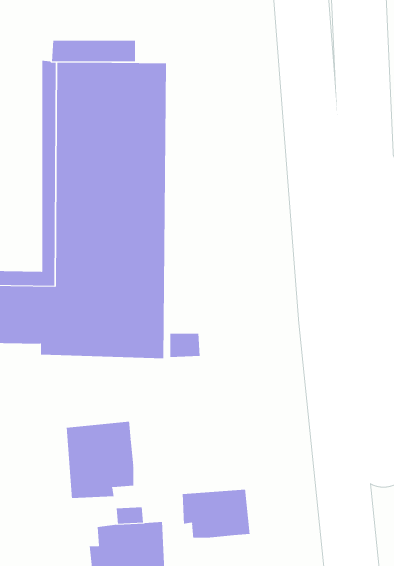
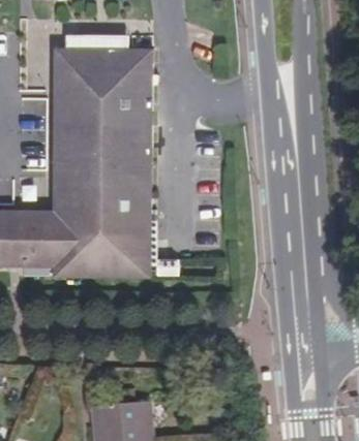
building: [66,421,134,499] -> none
building: [182,489,250,538] -> none

